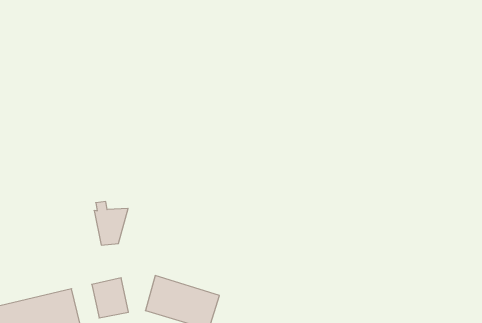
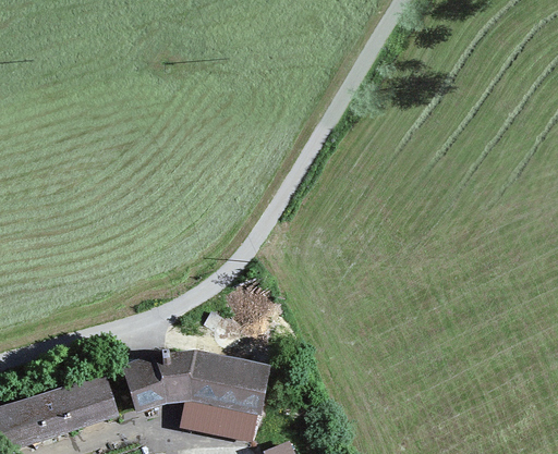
building: [94,202,128,245] -> [157,351,194,398]

